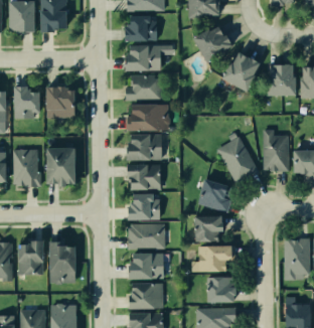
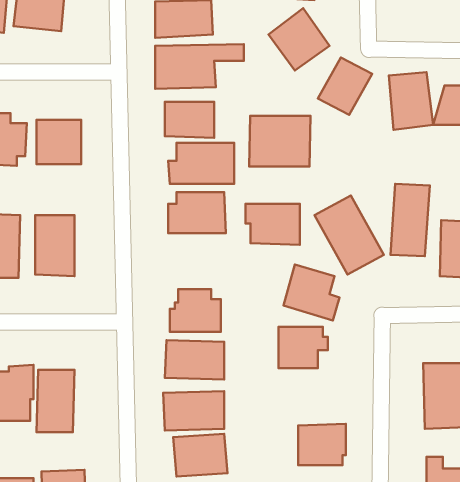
building: none -> [249,116,310,166]
building: [129,164,162,189] -> [245,204,300,245]
building: [190,247,230,272] -> none

